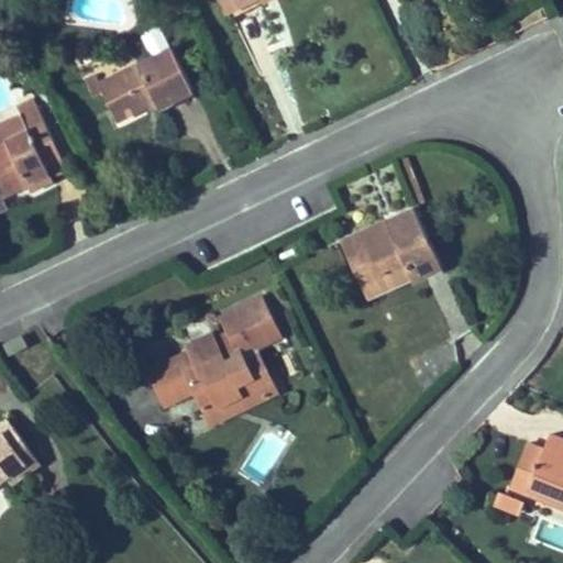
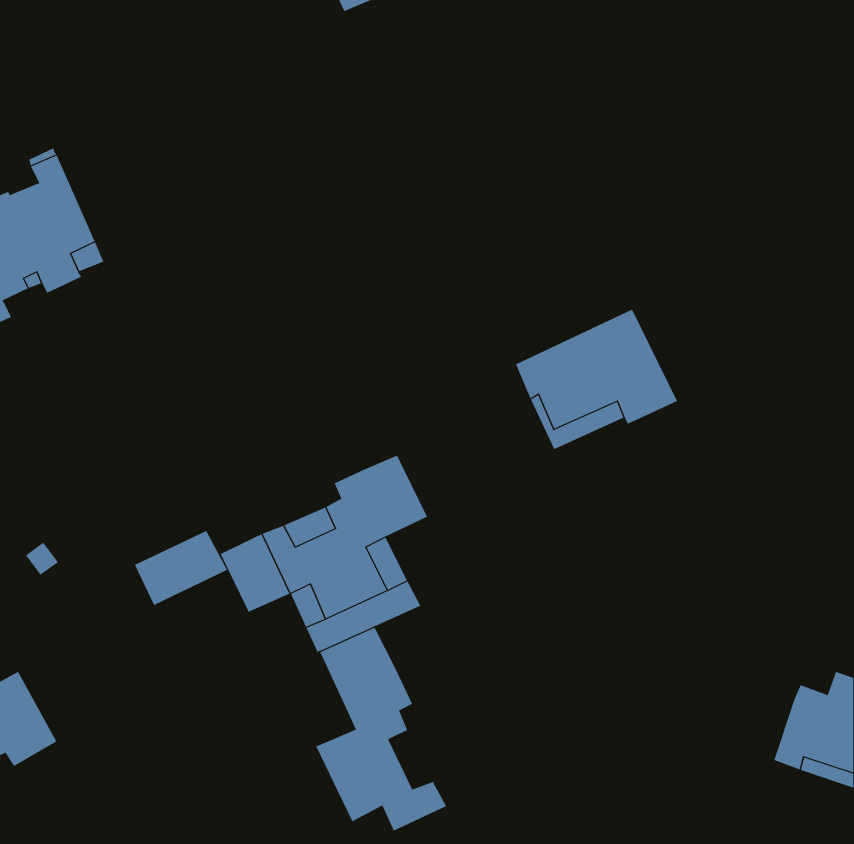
building: [82,49,191,121] -> none
building: none -> [134,530,228,606]
building: none -> [316,627,447,831]

